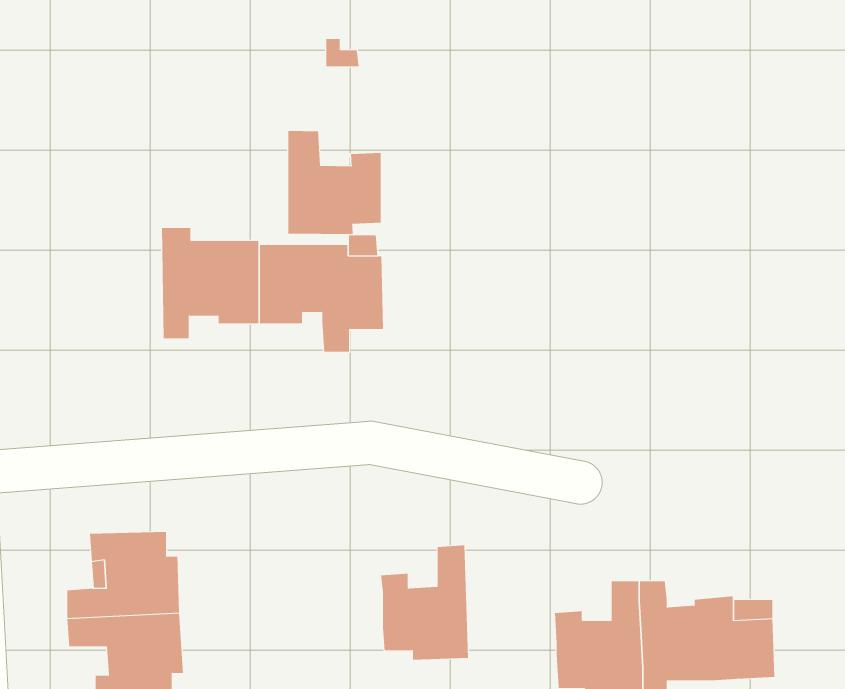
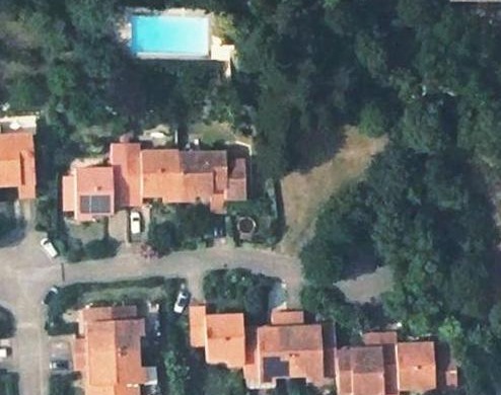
building: [288,130,381,235] -> none
building: none -> [74,145,126,215]
building: none -> [190,309,243,361]
building: none -> [288,315,337,376]

